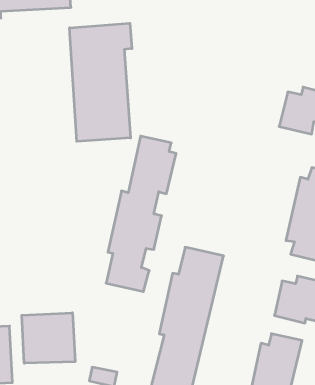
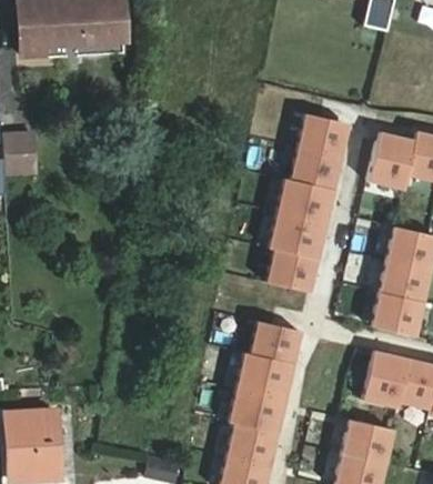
building: [70,23,132,141] -> none
building: [106,136,176,292] -> [266,113,348,293]
building: [22,313,75,363] -> none

